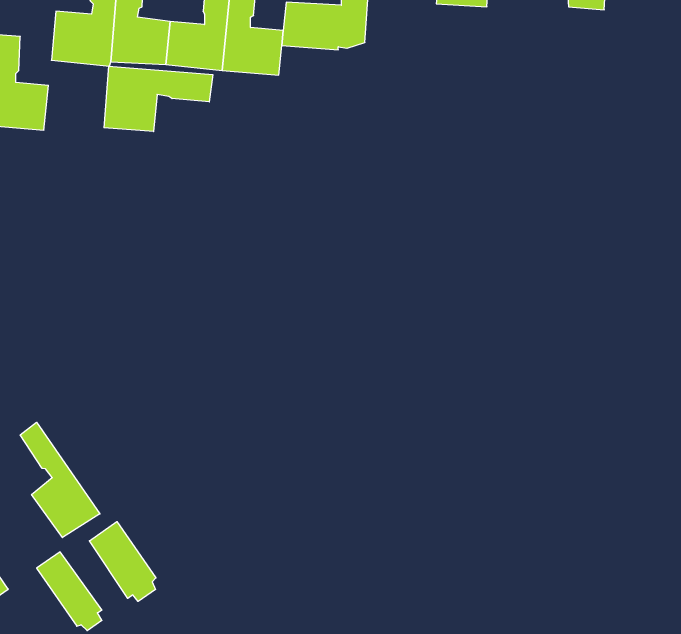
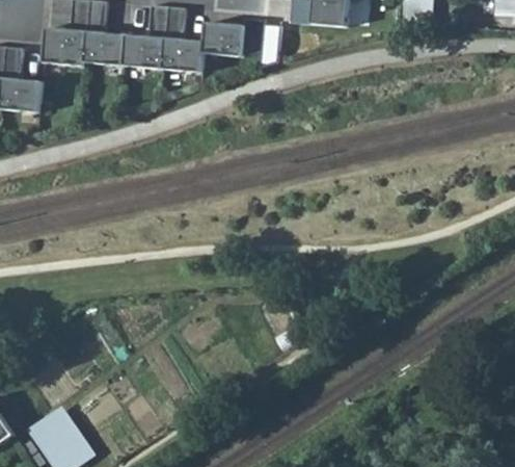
building: [104,66,213,132] -> none
building: [20,422,100,538] -> none
building: [89,522,156,601] -> none

